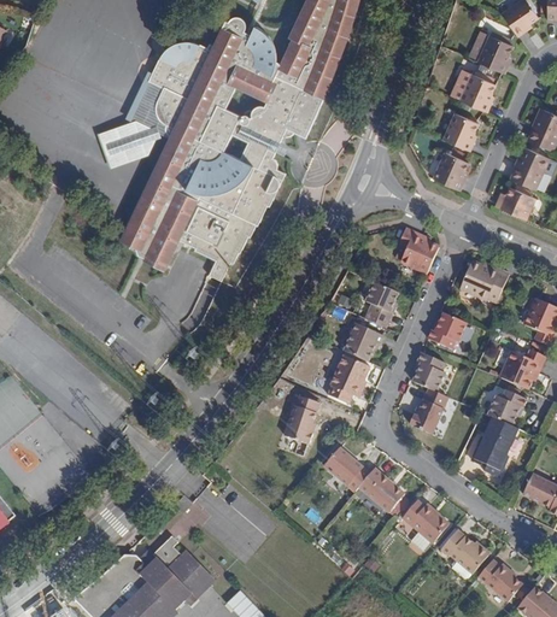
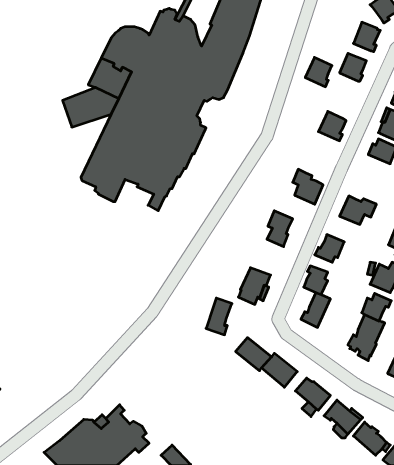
building: [442,112,477,151] -> [305,57,332,87]
building: [342,325,382,360] -> none

